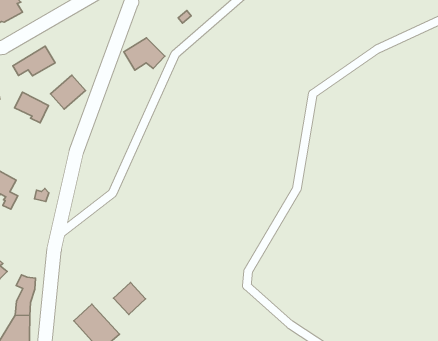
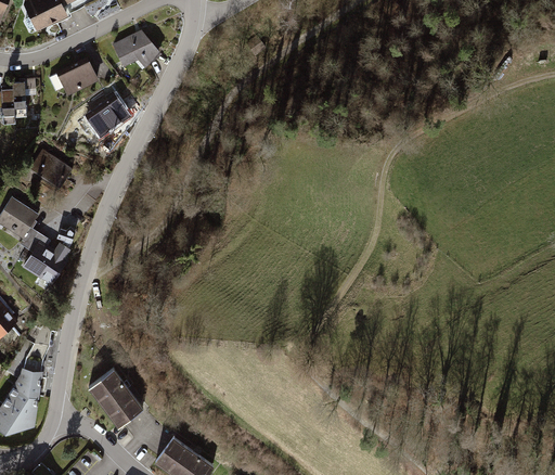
building: [124,38,165,70] -> [113,33,160,69]
building: [15,92,49,123] -> [31,151,72,189]
building: none -> [23,234,69,286]
building: [114,282,146,314] -> none

